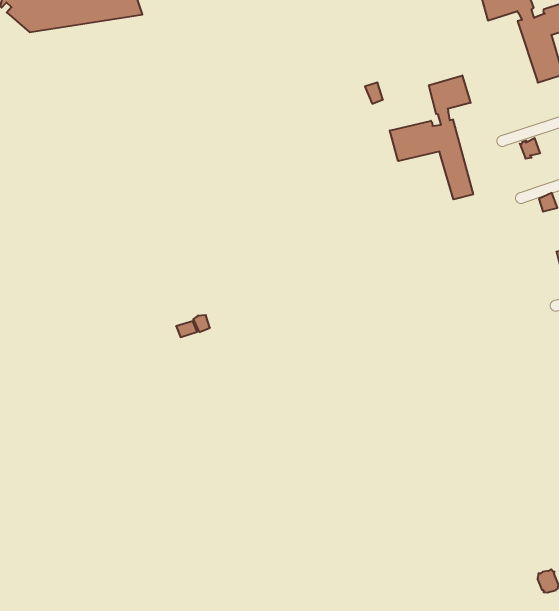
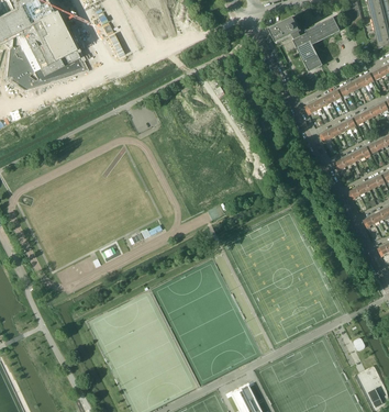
building: [390,75,473,199] -> none

